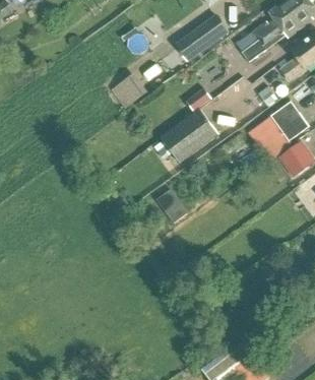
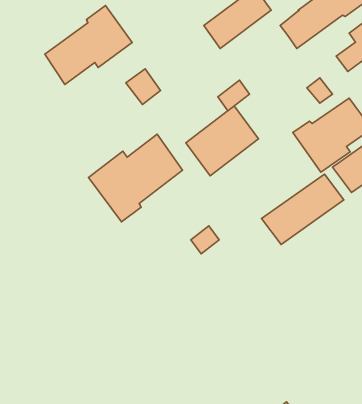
building: none -> [45,5,132,84]
building: none -> [88,134,182,222]
building: none -> [262,174,344,244]

